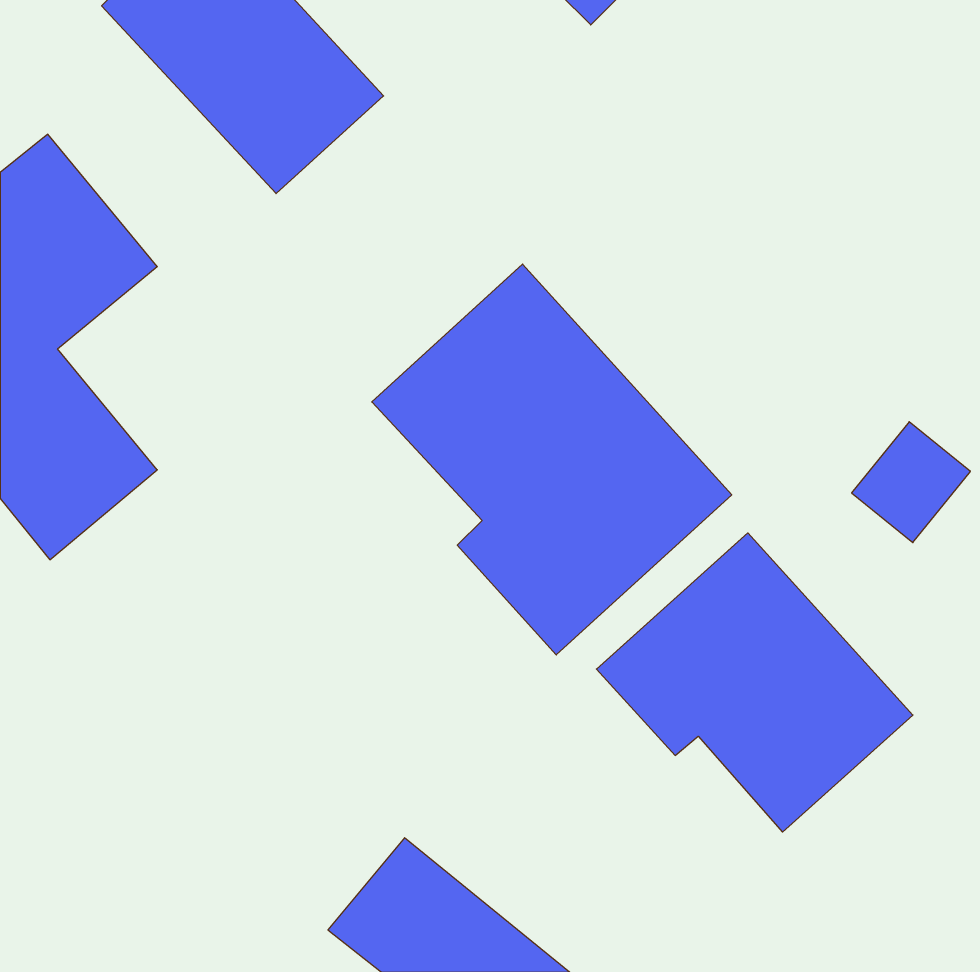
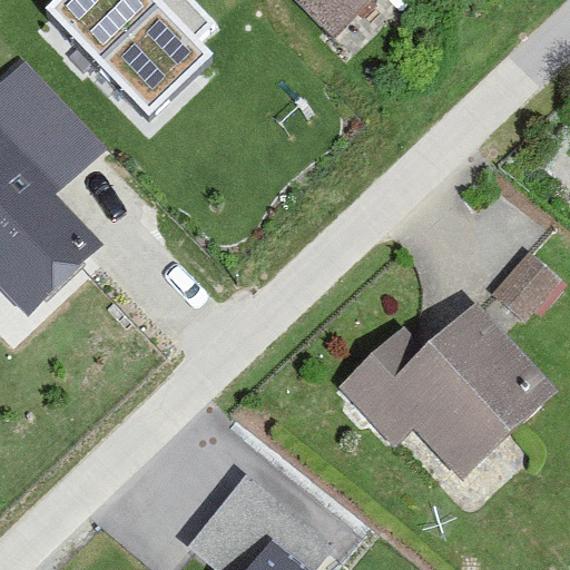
building: [372,264,732,655] -> none

